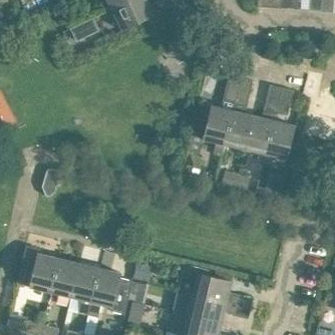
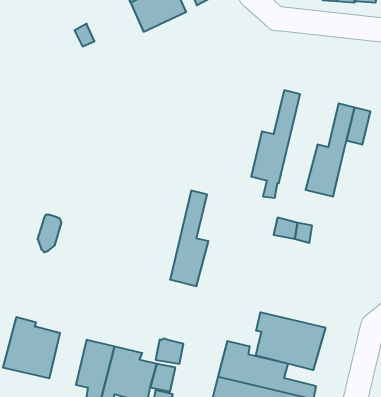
building: [225,77,254,149] -> [170,191,208,286]
building: [266,120,295,159] -> none
building: none -> [256,312,325,370]
building: [51,258,79,297] -> none

